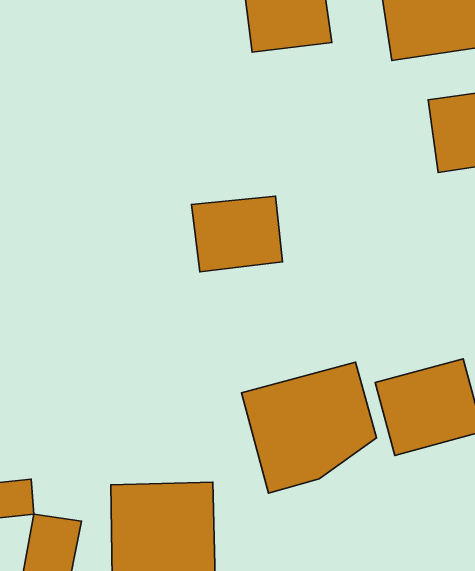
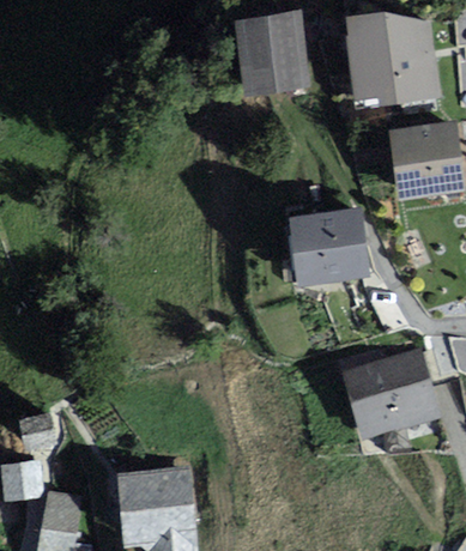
building: [192,196,283,272] -> [286,212,364,277]
building: [242,362,377,493] -> none

